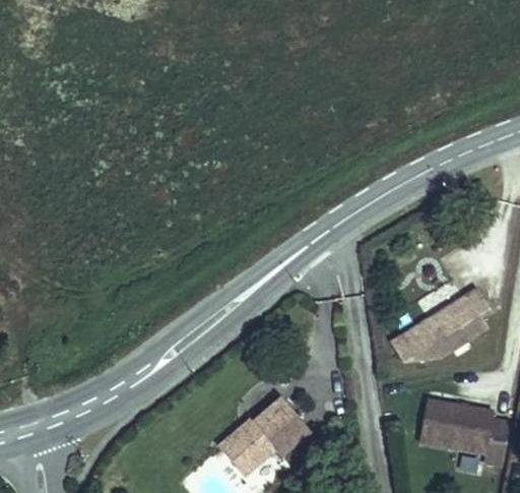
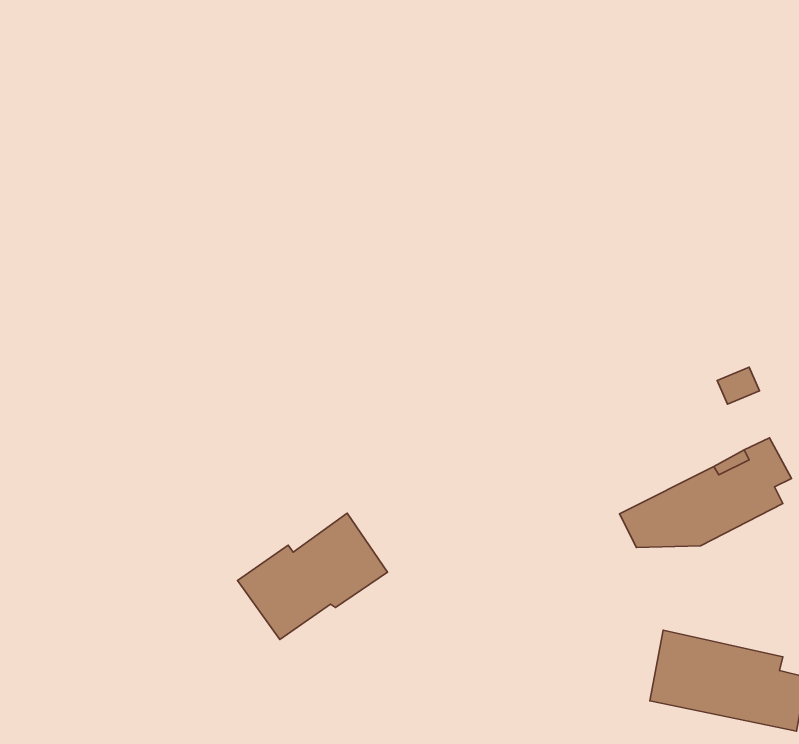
building: [221,386,312,463] -> [238,513,388,640]

